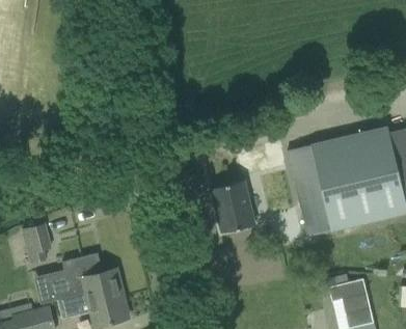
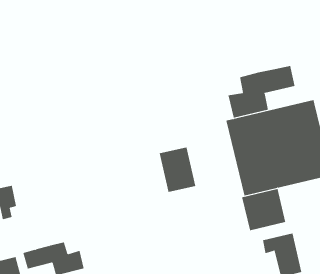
building: none -> [228,65,295,119]
building: none -> [242,188,286,231]
building: [49,253,121,302] -> none

